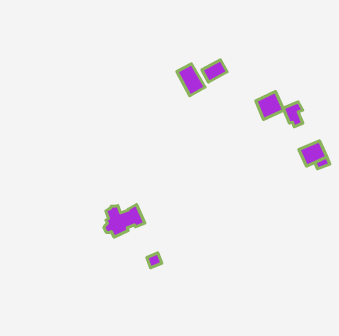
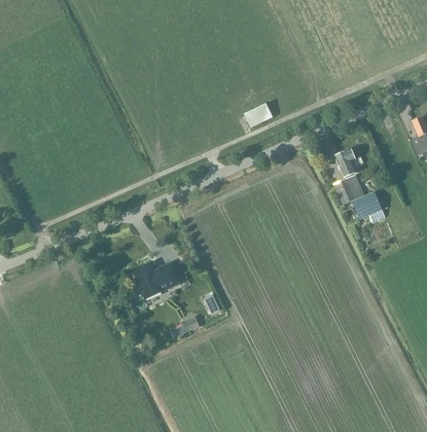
building: [177,64,205,96] -> none
building: [256,91,284,119] -> [334,175,365,206]

